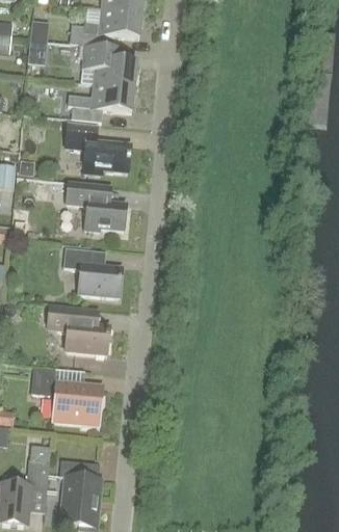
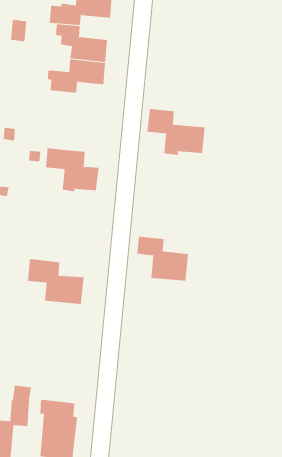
building: [64,123,130,175] -> [147,108,206,155]
building: [62,247,121,297] -> [136,236,189,281]
building: [30,368,98,422] -> none

